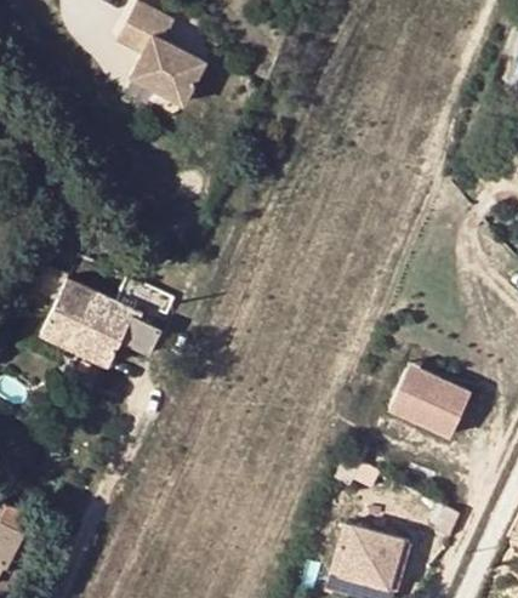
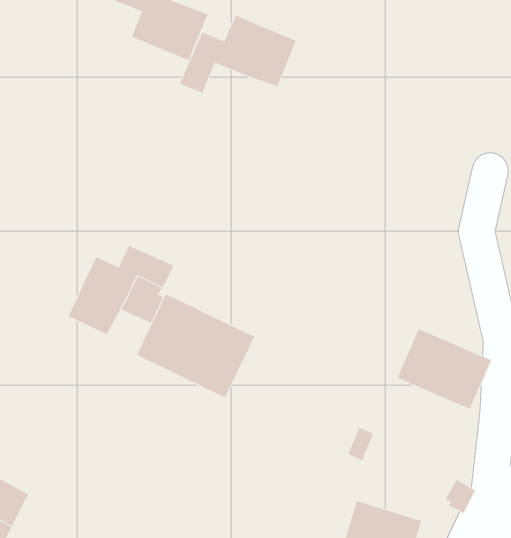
building: none -> [179,15,296,93]
building: [42,279,97,349] -> none
building: none -> [136,294,255,398]

